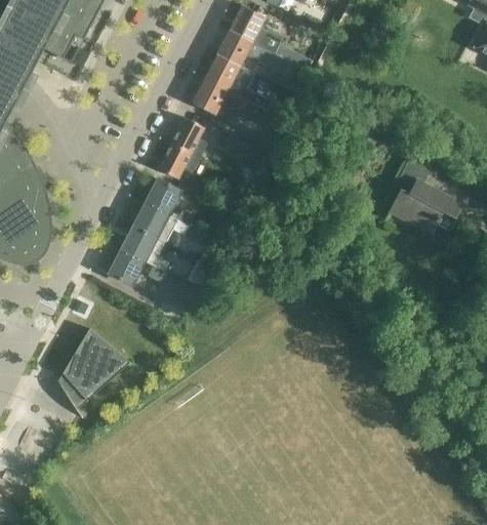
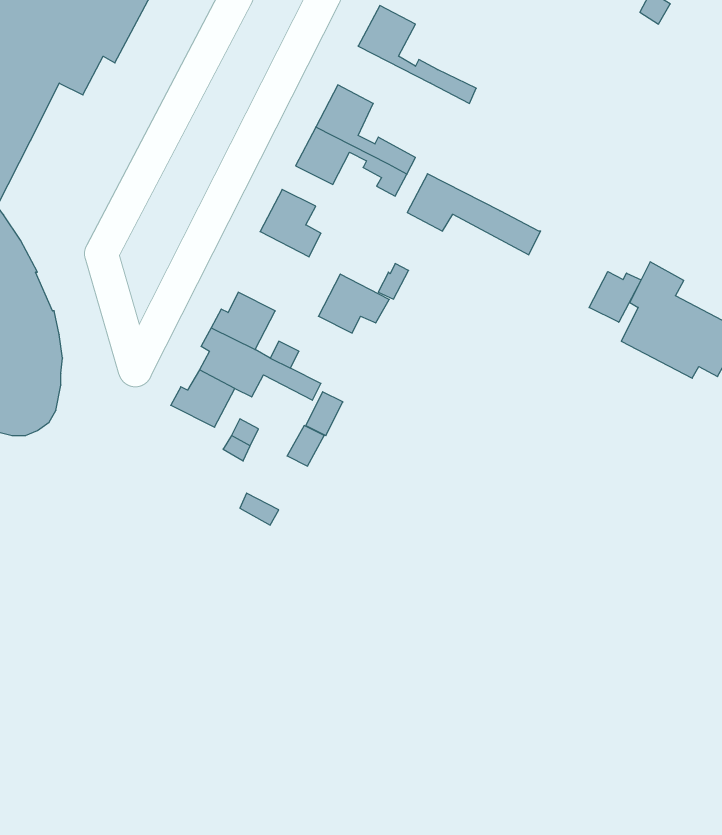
building: [217,29,298,78] -> [407,174,541,255]
building: [157,142,200,177] -> [318,274,389,333]
building: none -> [589,272,641,322]
building: [109,247,143,284] -> none
building: [52,328,129,414] -> none

